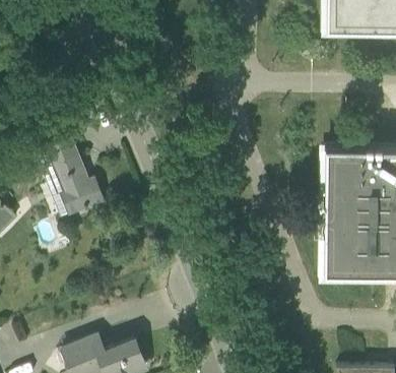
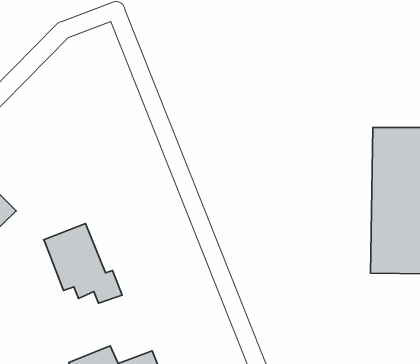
building: [36,139,104,208] -> [43,223,122,303]

